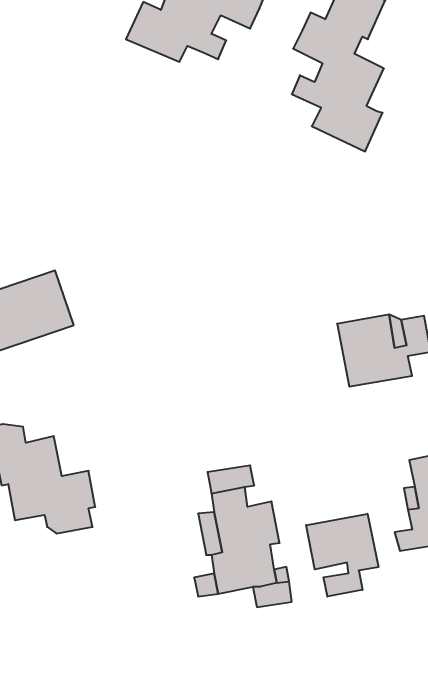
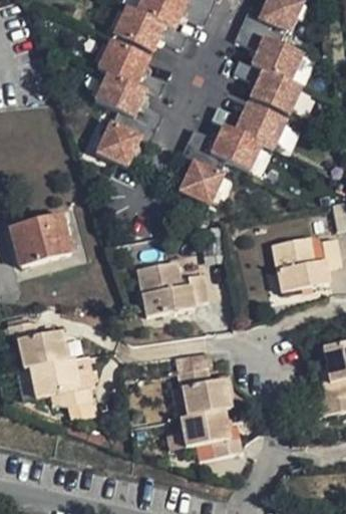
building: none -> [96,36,166,164]
building: none -> [182,101,291,205]
building: none -> [138,260,206,316]
building: [306,514,378,597] -> none

